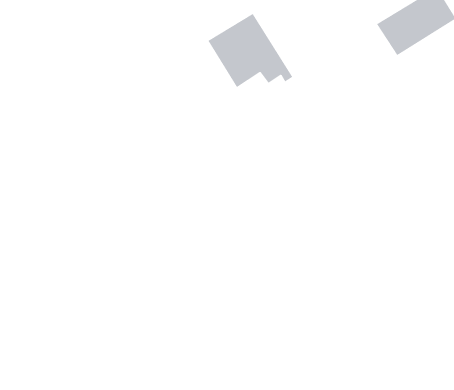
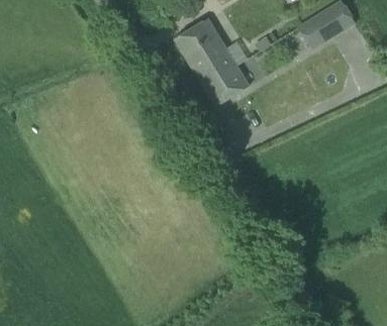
building: none -> [195,62,249,106]

